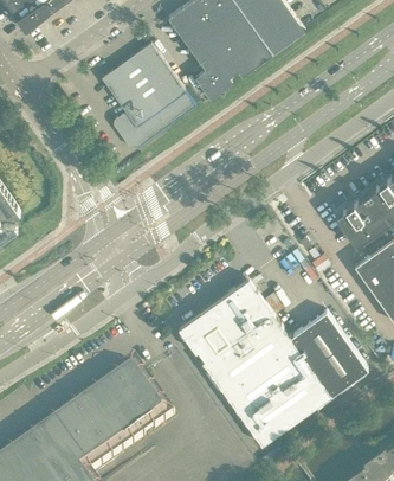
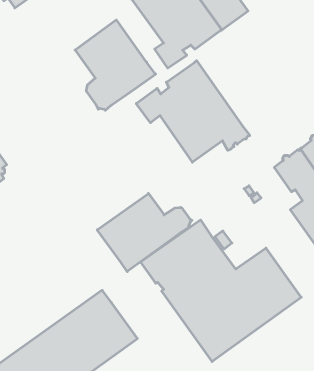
building: none -> [136,61,250,162]
building: none -> [97,193,192,272]

